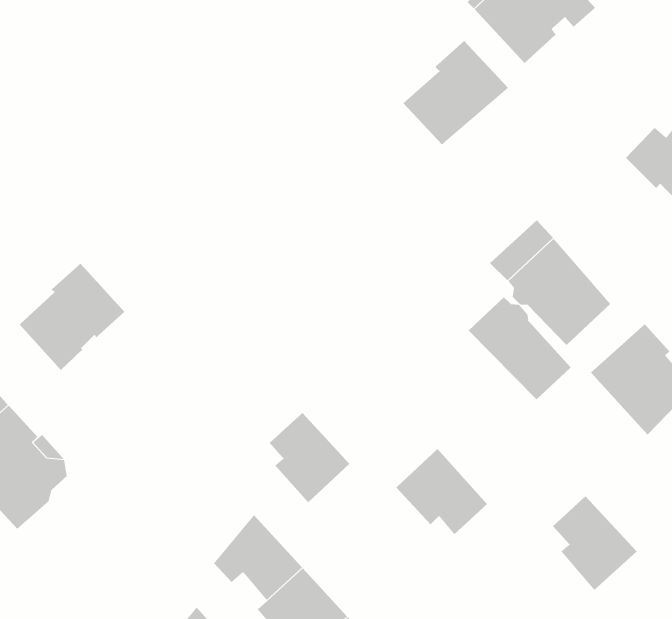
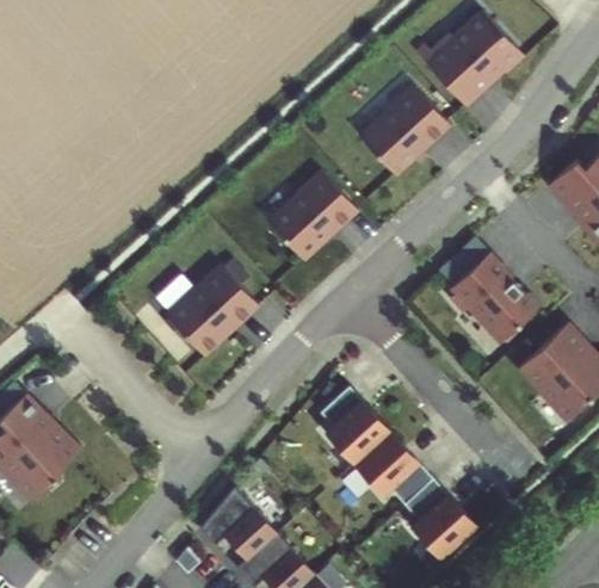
building: none -> [270,167,358,256]
building: [19,263,125,371] -> [168,262,259,354]
building: [468,297,572,400] -> none
building: [269,412,350,503] -> [321,385,390,463]
building: [552,495,638,591] -> [405,477,477,558]

